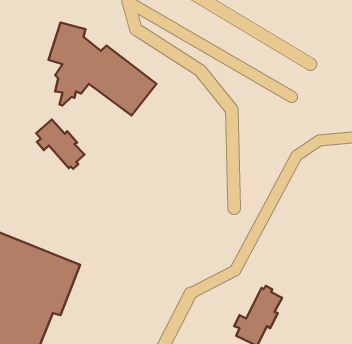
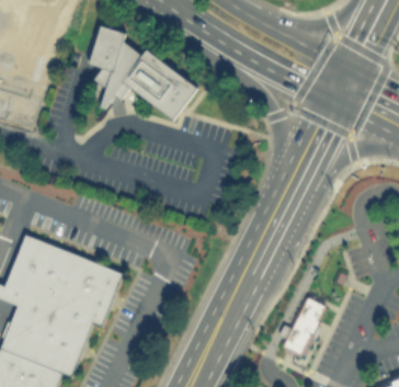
building: [36,120,84,169] -> none

